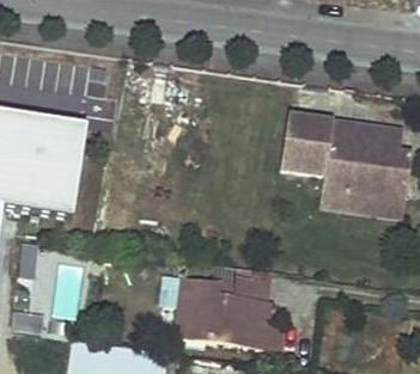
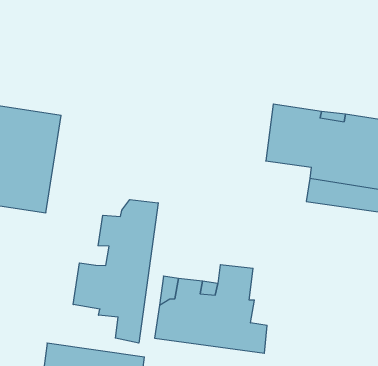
building: none -> [73,200,158,343]

